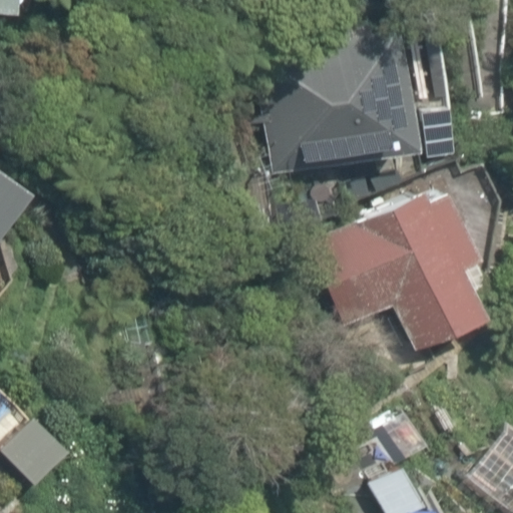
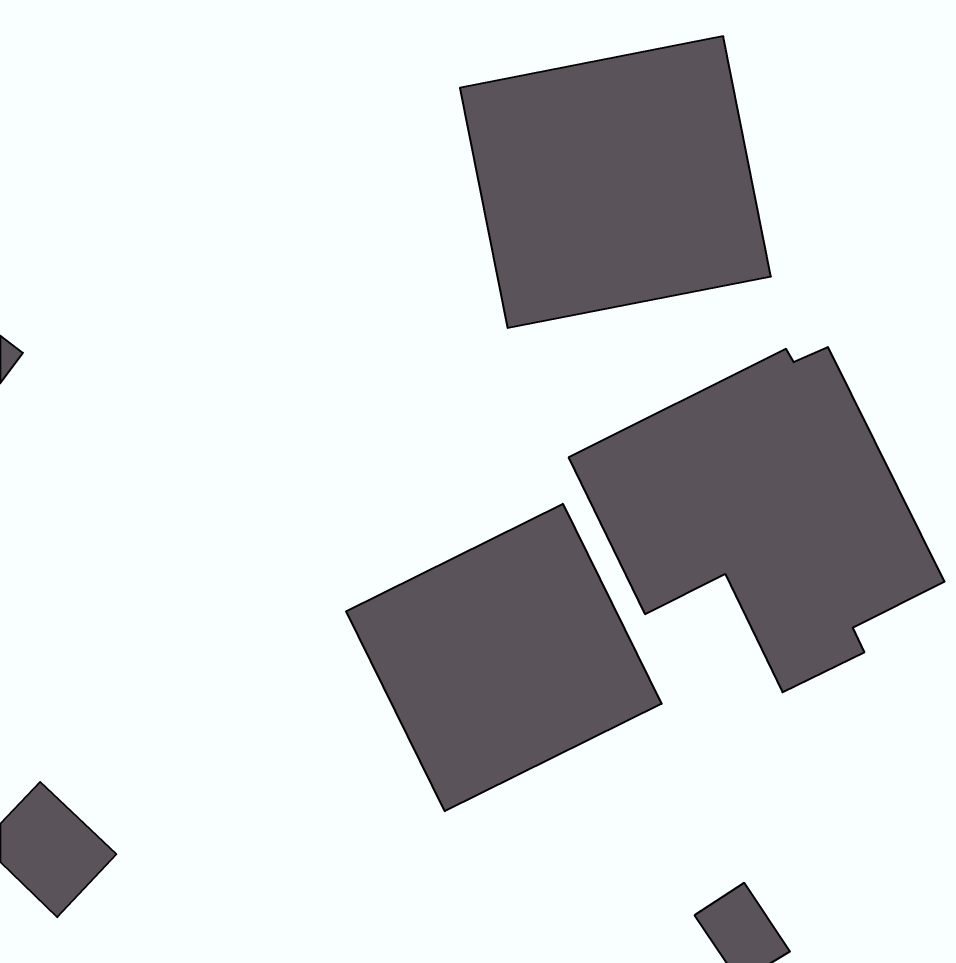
building: none -> [346,504,662,811]

